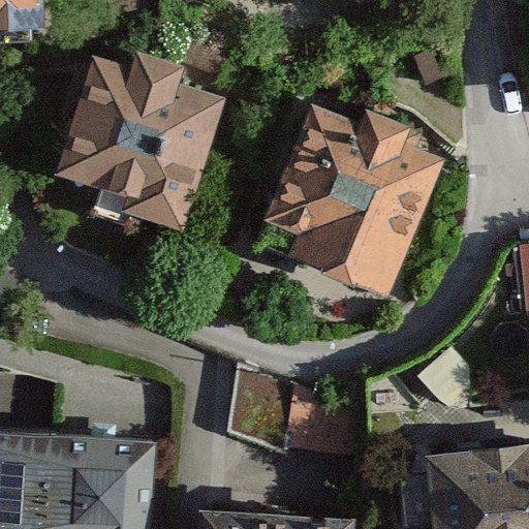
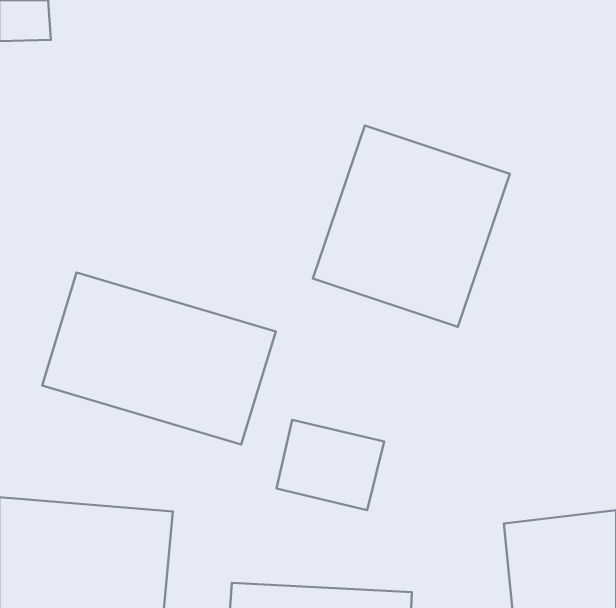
building: [53,45,224,227] -> none
building: none -> [42,272,276,444]

